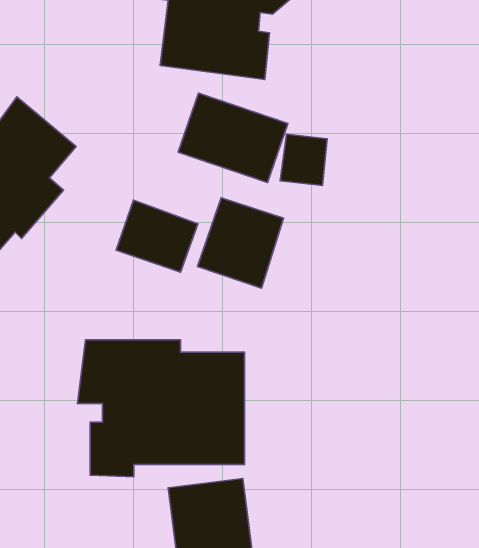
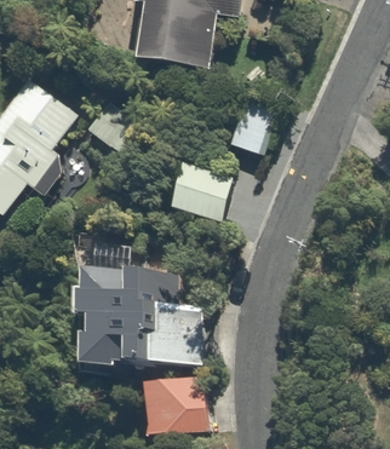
building: [178,93,288,182] -> none
building: [116,200,198,272] -> none

